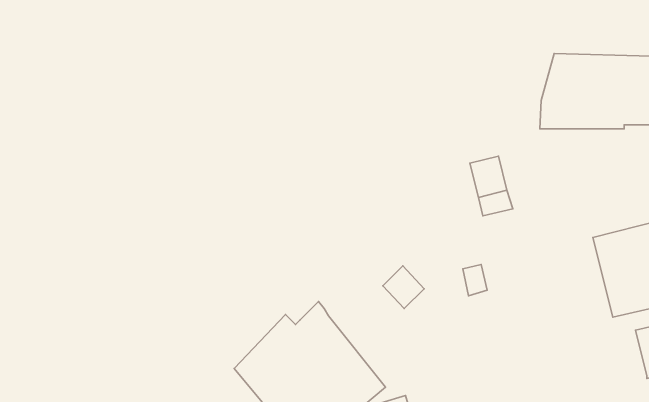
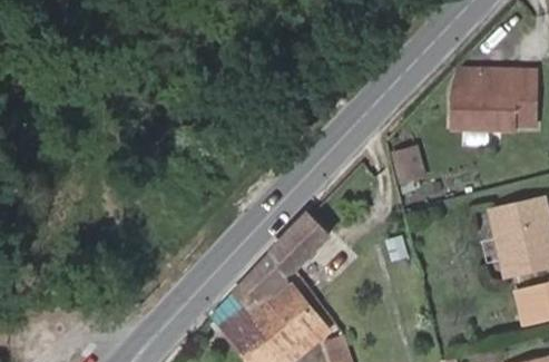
building: none -> [251,213,331,281]

